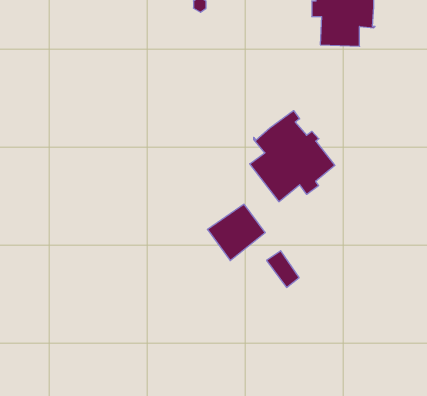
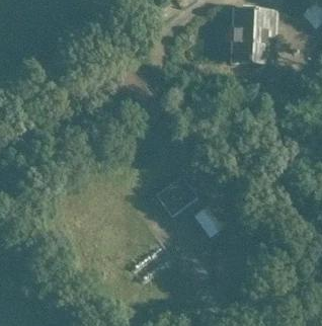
building: [250,111,335,202] -> none

